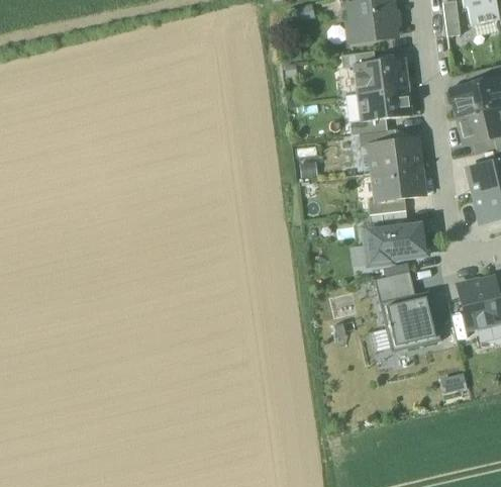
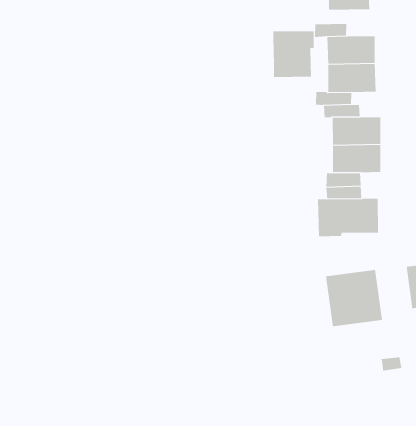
building: none -> [273,30,314,78]
building: [374,271,415,303] -> none

